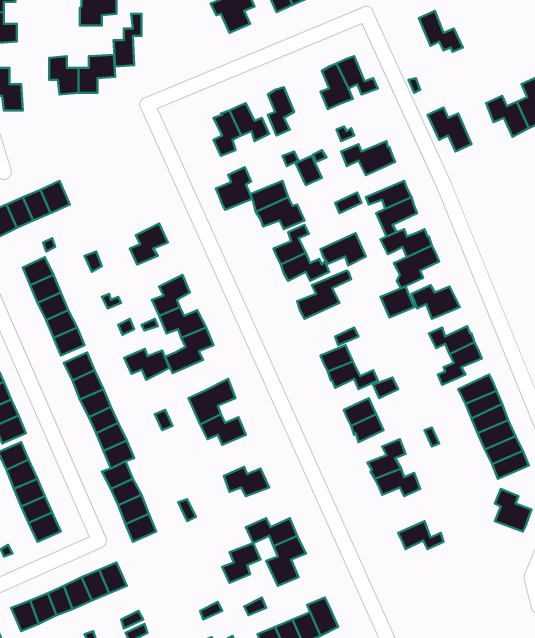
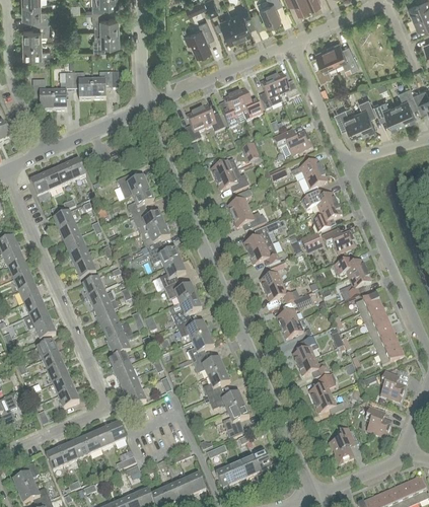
building: [114,14,142,67] -> [53,72,72,108]
building: none -> [315,45,336,80]
building: none -> [234,87,262,117]
building: none -> [355,96,376,132]
building: [216,167,252,210] -> none
building: none -> [117,172,148,197]
building: [320,233,366,265] -> [248,241,280,264]
building: none -> [133,209,164,230]
building: [124,349,170,380] -> [164,281,196,302]
building: none -> [188,333,213,361]
building: none -> [308,371,336,401]
building: none -> [365,406,391,436]
building: [222,543,260,583] -> [203,369,229,396]
building: none -> [331,427,353,461]

